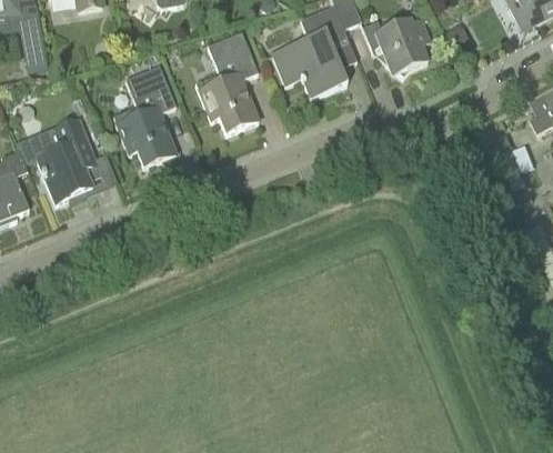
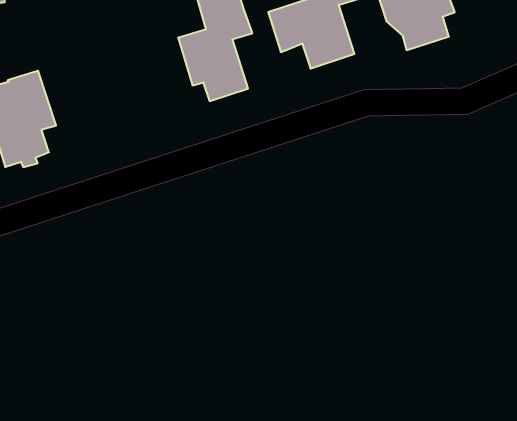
building: [114,63,177,165] -> none

